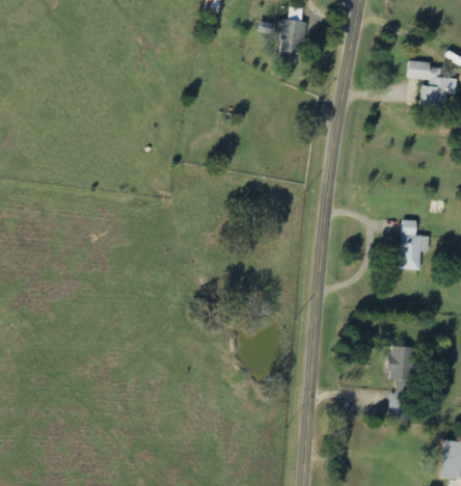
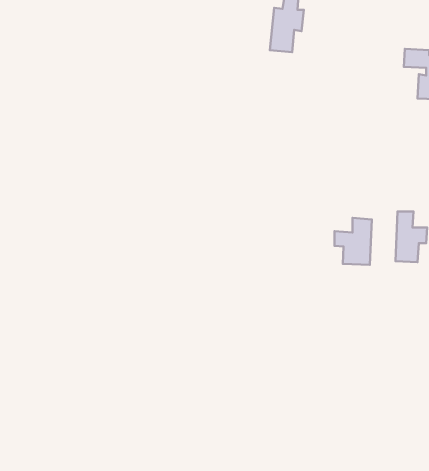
building: none -> [334,218,372,265]
building: [385,344,416,379] -> none

